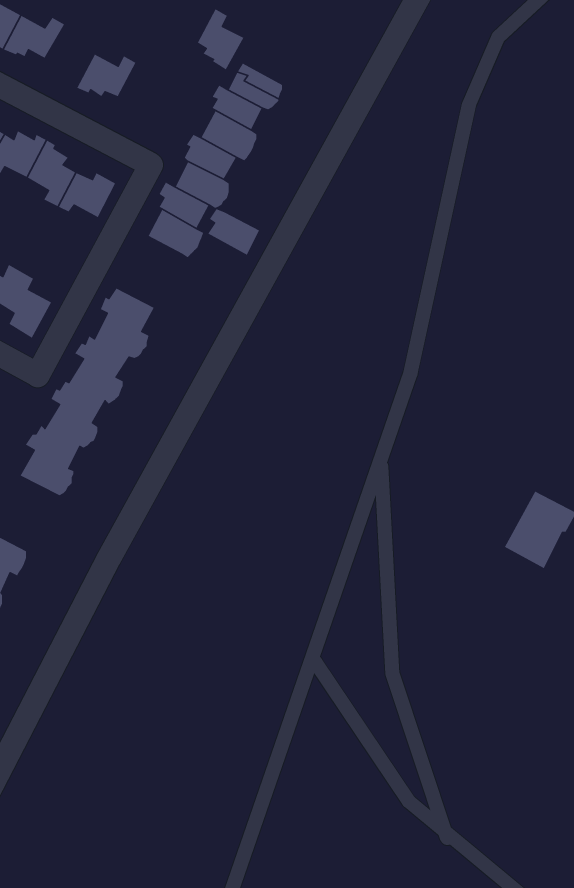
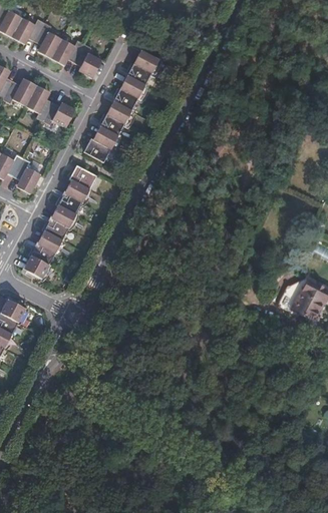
building: [197,8,244,70] -> [76,42,102,76]
building: none -> [36,21,63,56]
building: [207,208,260,256] -> [82,135,111,161]

